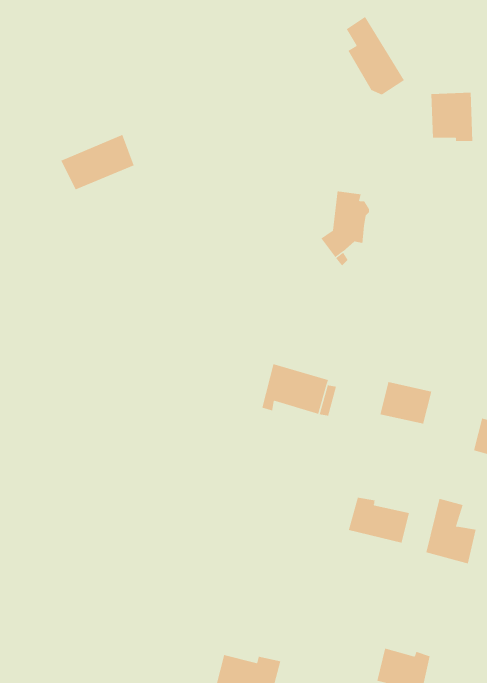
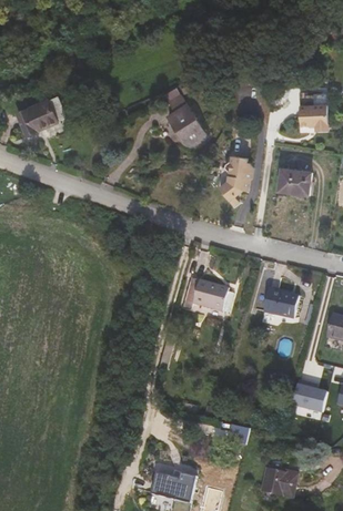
building: [346,16,405,95] -> [167,92,206,145]
building: [61,134,134,190] -> [16,95,65,133]
building: none -> [279,166,312,195]
building: [348,497,409,543] -> none

